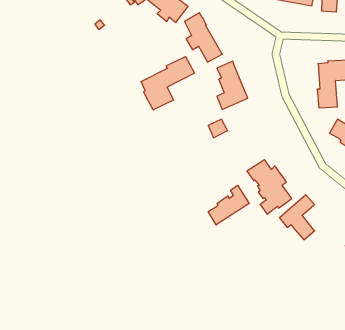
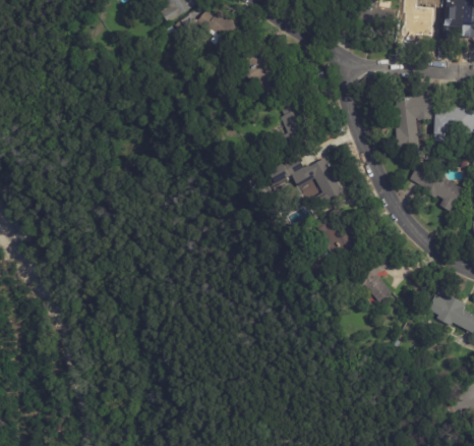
building: [141,57,194,110] -> none
building: none -> [292,157,345,202]
building: [208,185,249,225] -> none

